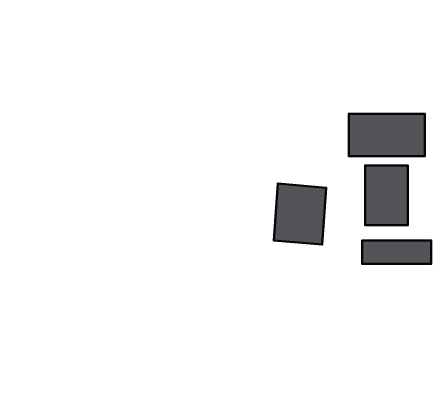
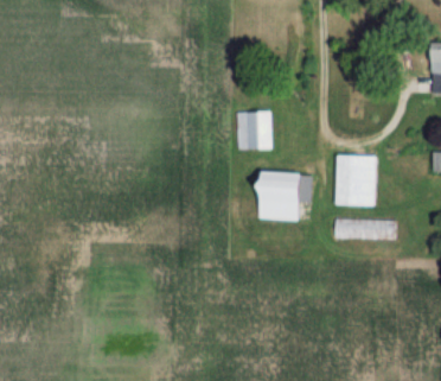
building: [349,114,425,156] -> none
building: none -> [235,112,271,150]

